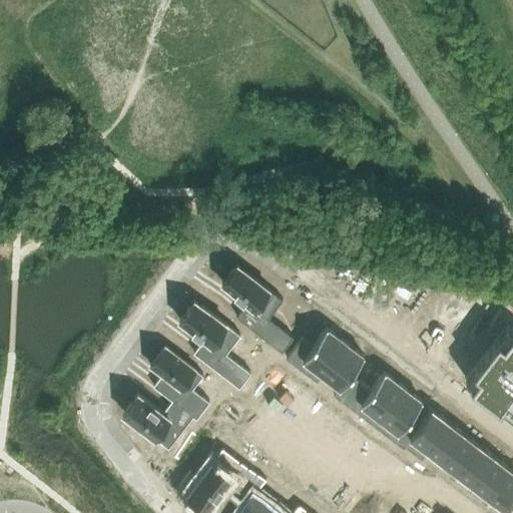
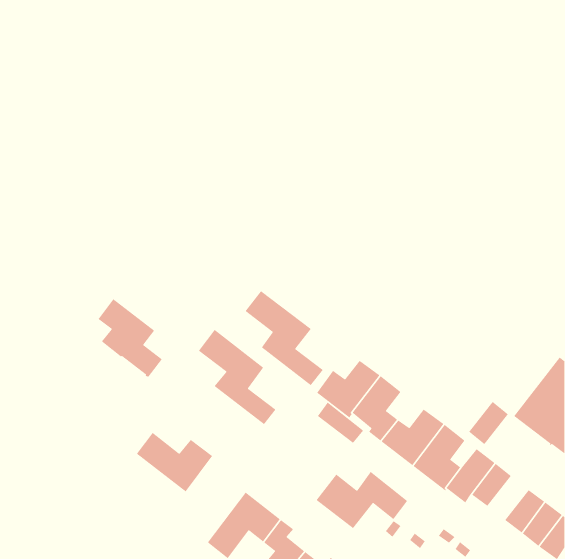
building: [150,350,209,422] -> [98,298,163,378]
building: none -> [317,402,364,444]
building: none -> [315,471,408,529]
building: [442,437,479,477] -> [468,401,509,445]

